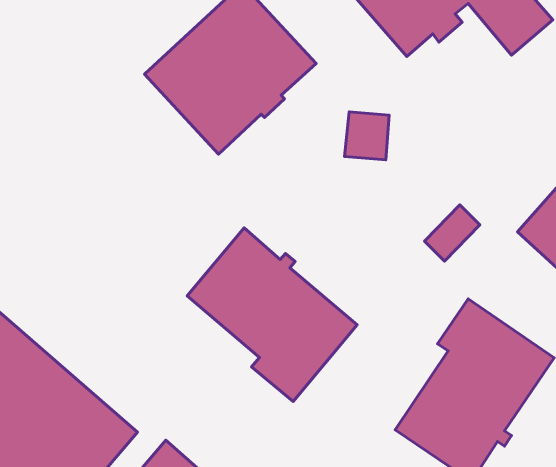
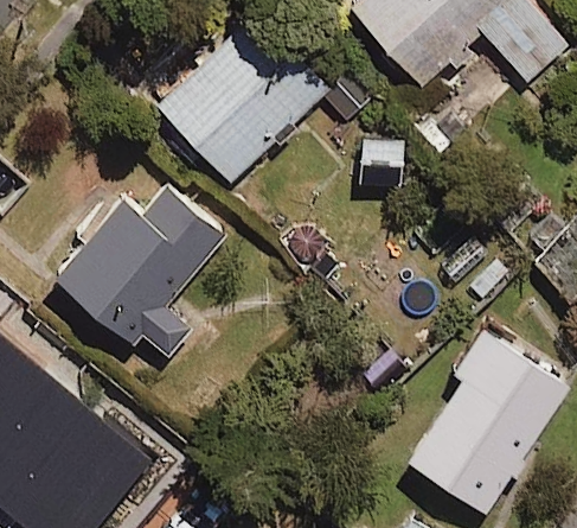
building: none -> [52,187,224,360]
building: [187,228,357,402] -> none

